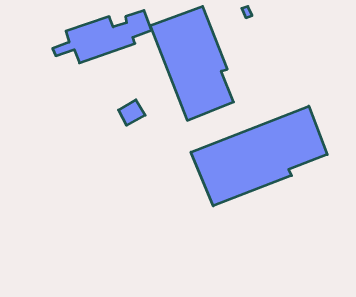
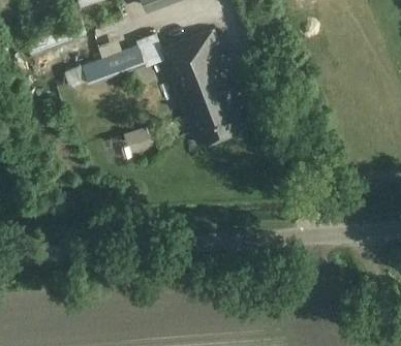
building: [191,106,327,206] -> none

